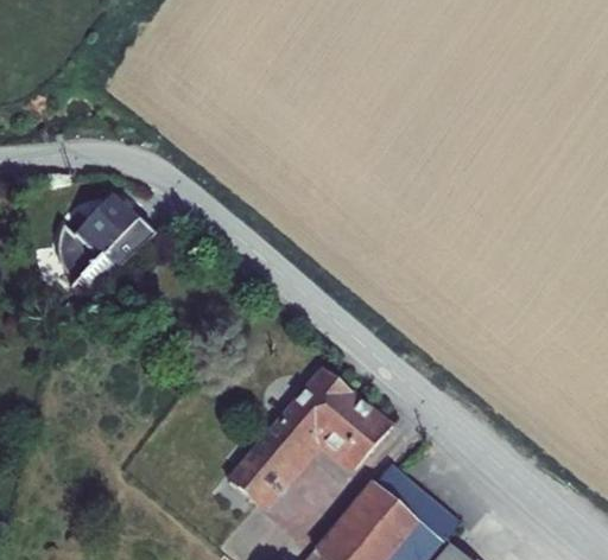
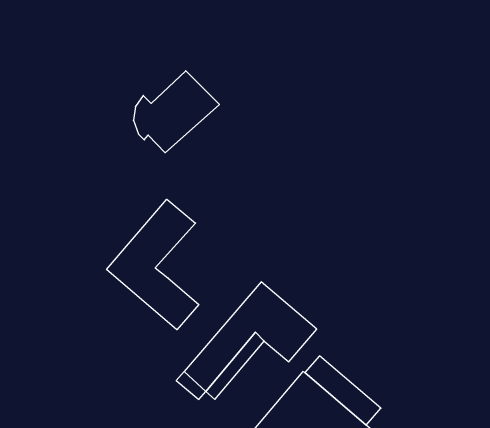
building: [51,193,154,292] -> [133,71,219,153]
building: none -> [107,199,199,330]

